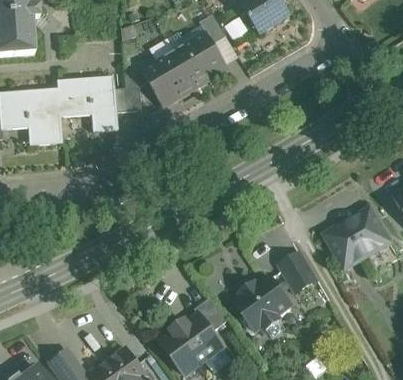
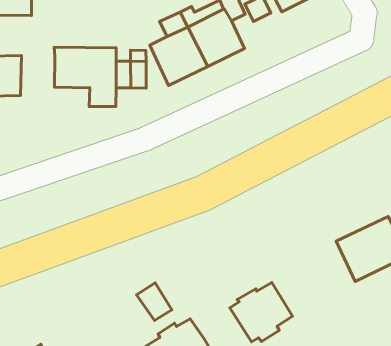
building: [27,88,61,144] -> none
building: [279,252,316,292] -> none
building: [195,298,228,332] -> [137,283,172,321]

